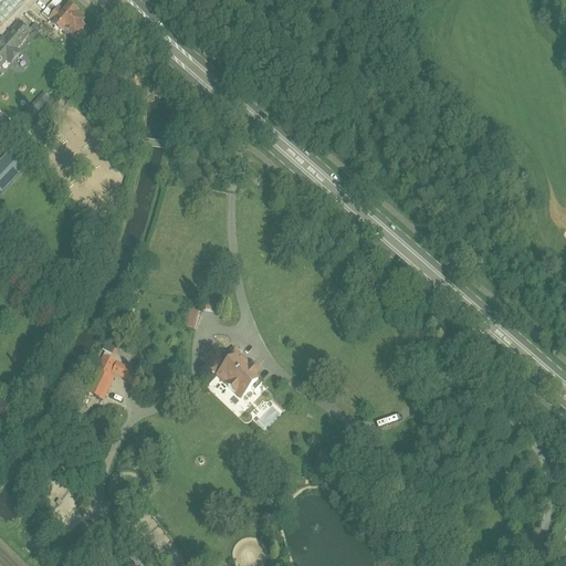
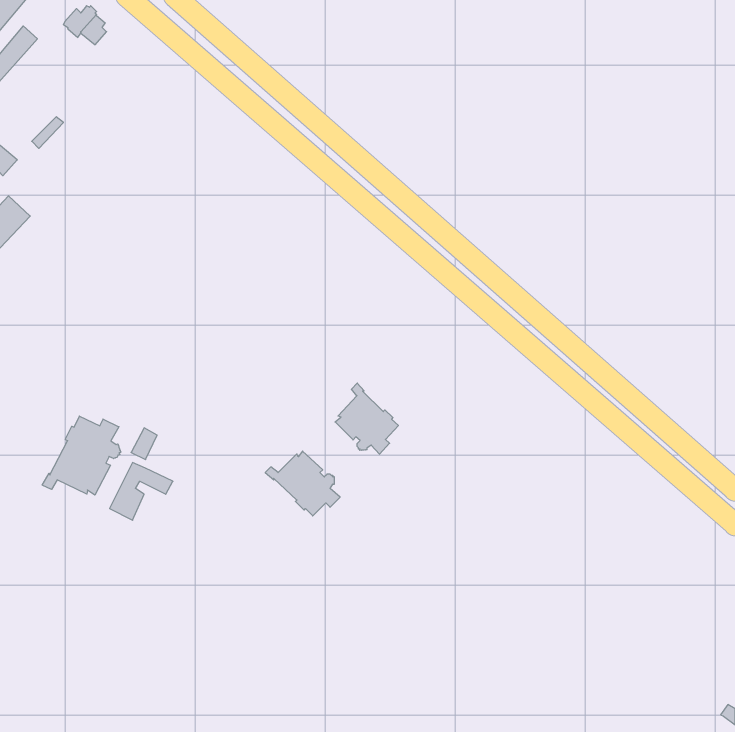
building: none -> [335,383,398,454]
building: none -> [42,416,121,495]

